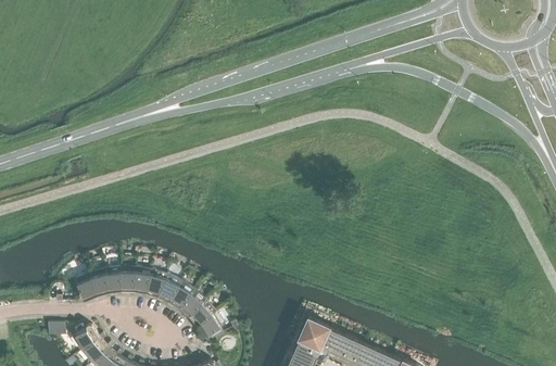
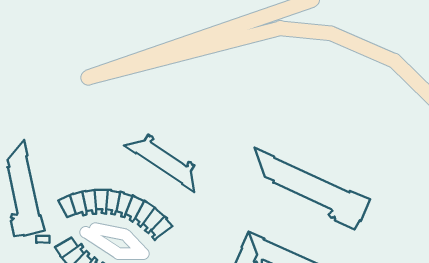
building: none -> [124,135,194,192]
building: none -> [7,140,45,236]
building: none -> [255,147,370,230]
building: [195,311,224,339] -> none

